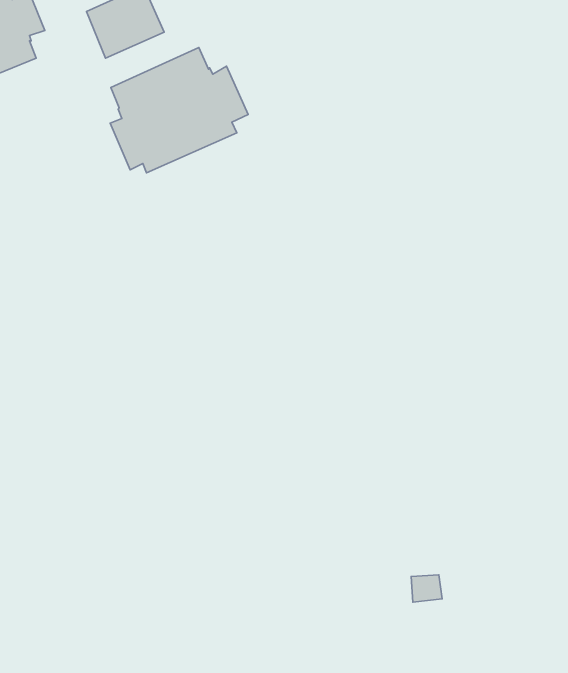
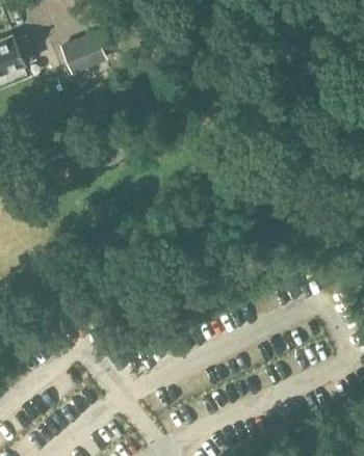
building: [110,47,248,173] -> none

